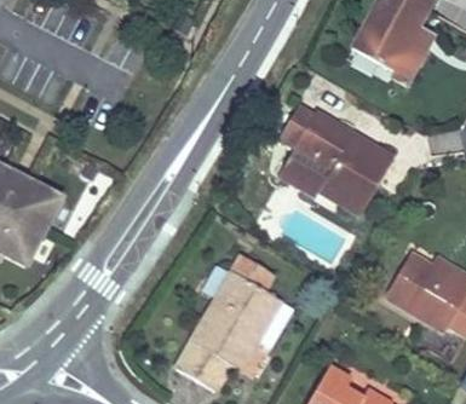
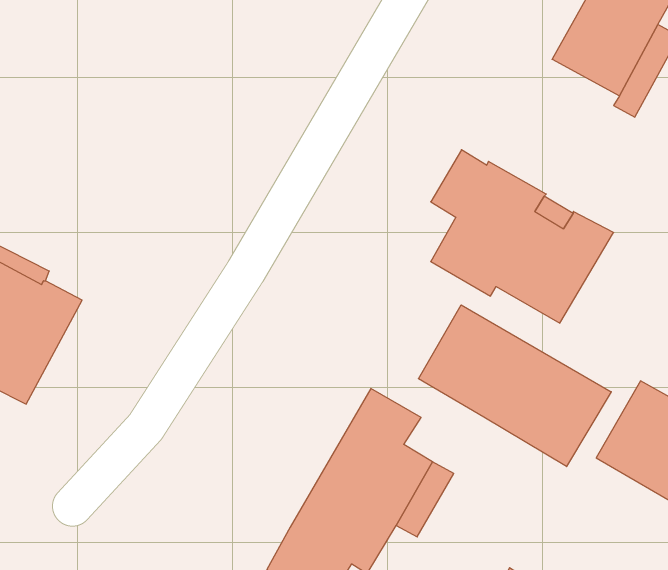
building: none -> [418,305,611,467]

